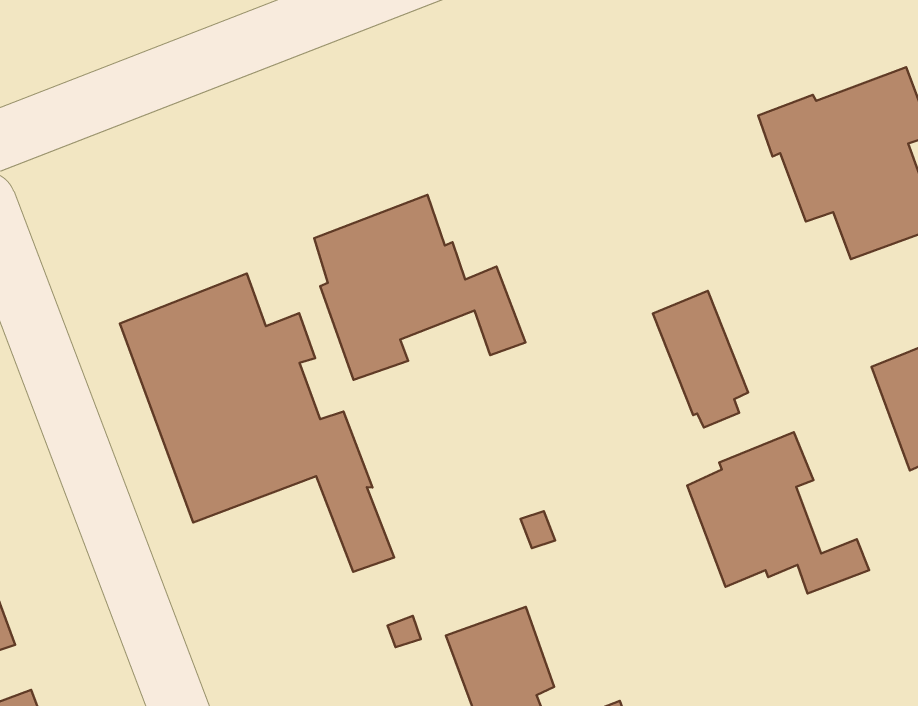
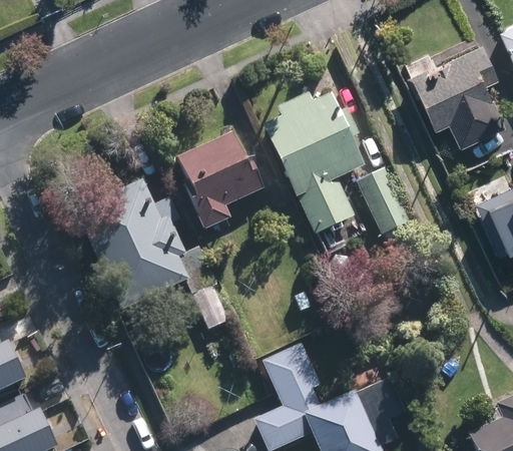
building: none -> [261,89,365,232]
building: [687,432,869,594] -> none

